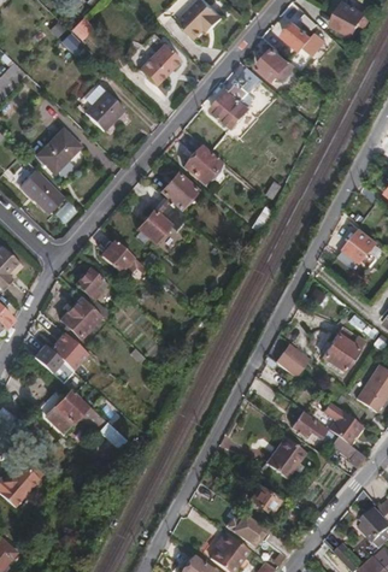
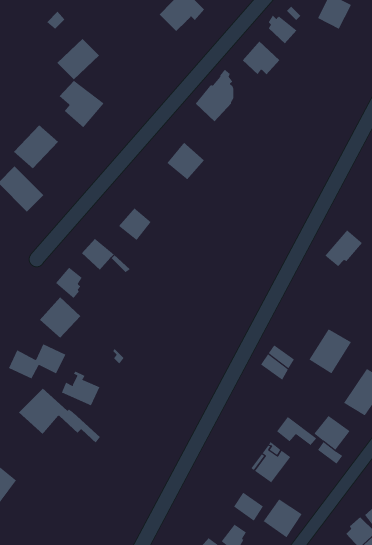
building: [136,42,178,83] -> [56,38,100,80]
building: [159,171,196,208] -> none
building: none -> [61,371,100,406]
building: none -> [263,498,302,538]

